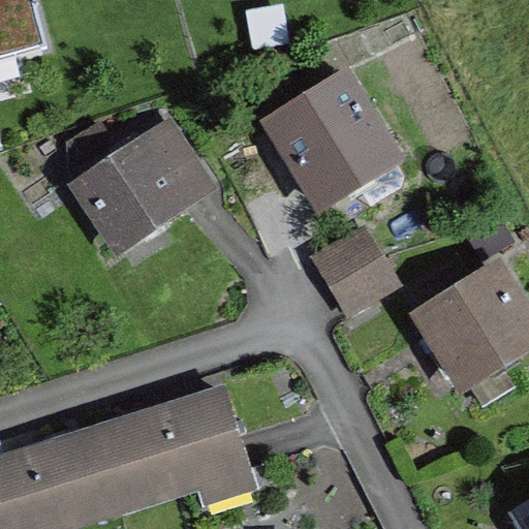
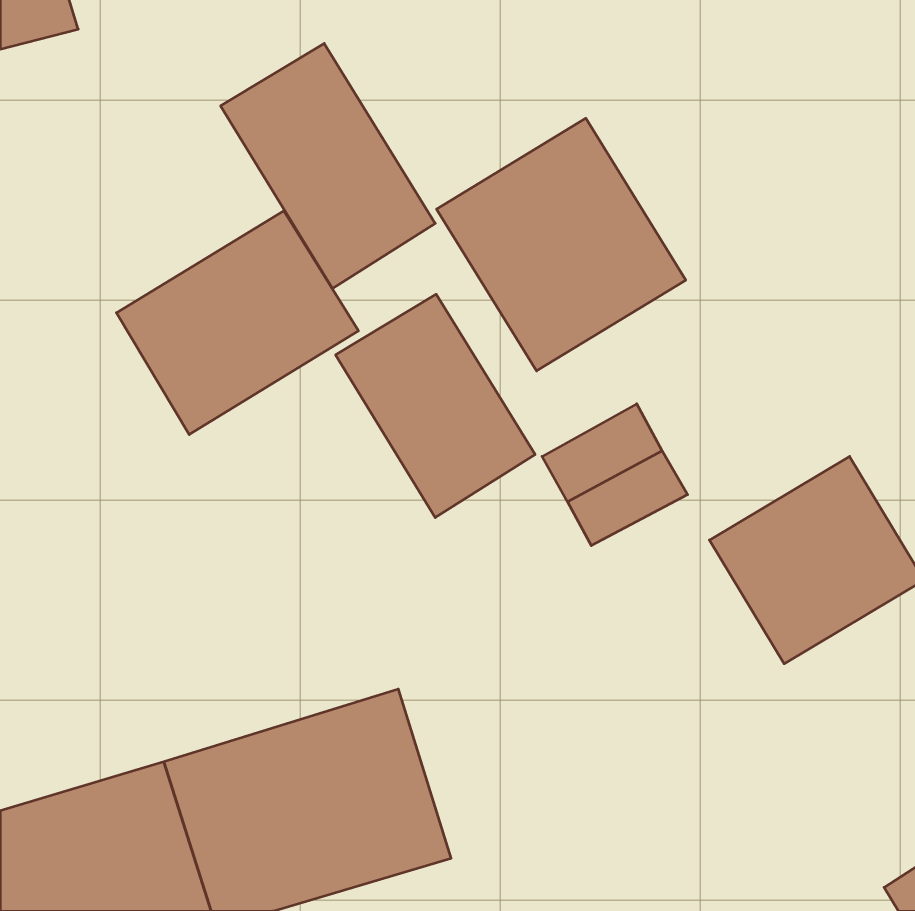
building: none -> [221,43,435,288]
building: none -> [336,294,535,518]

